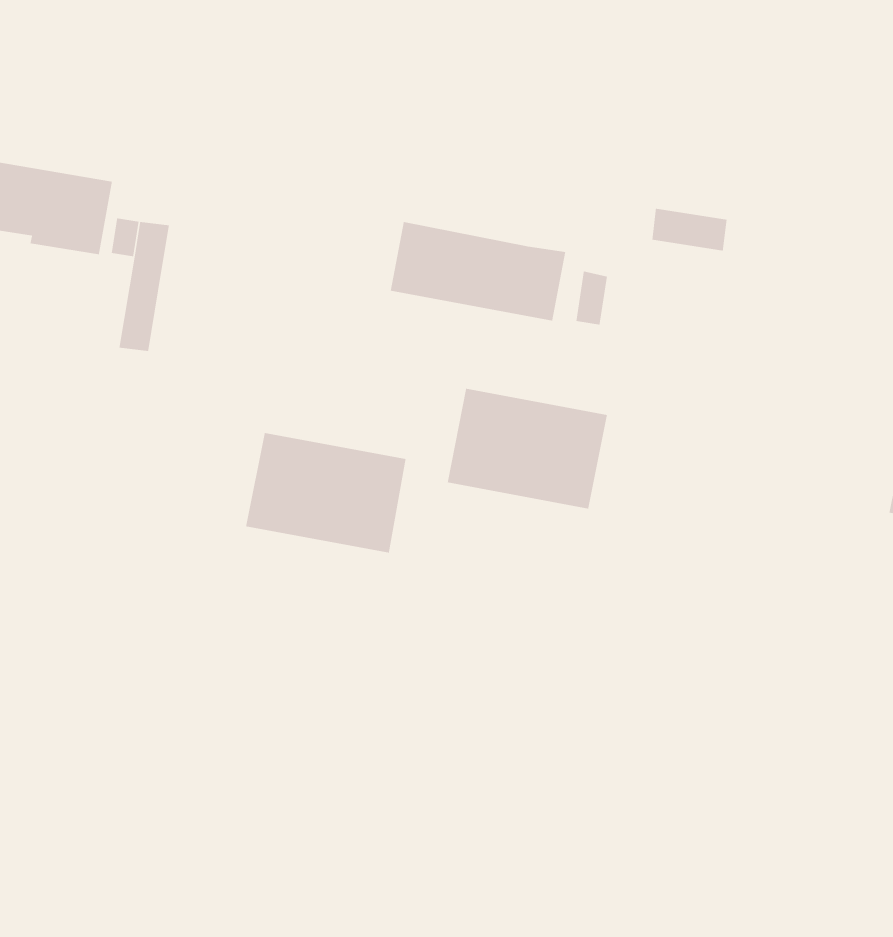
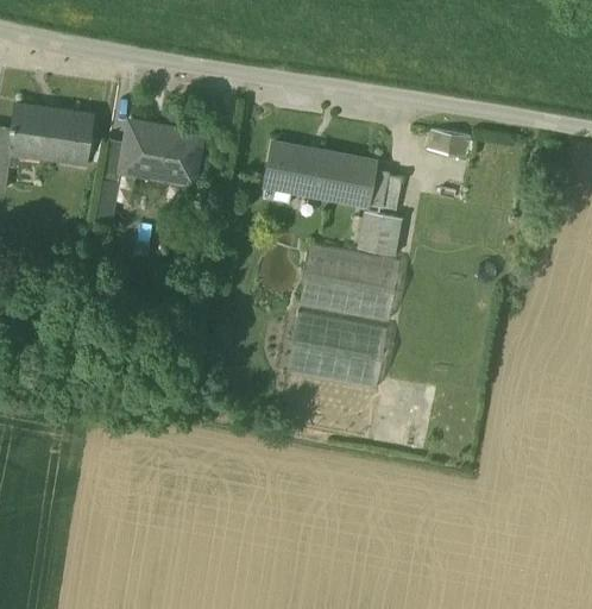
building: none -> [122,120,203,183]
building: none -> [360,214,401,257]
building: [245,432,406,553] -> [288,313,389,389]

